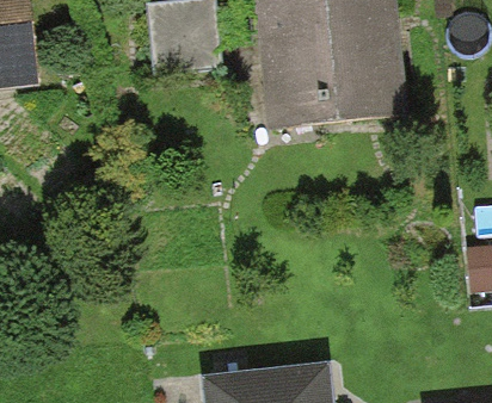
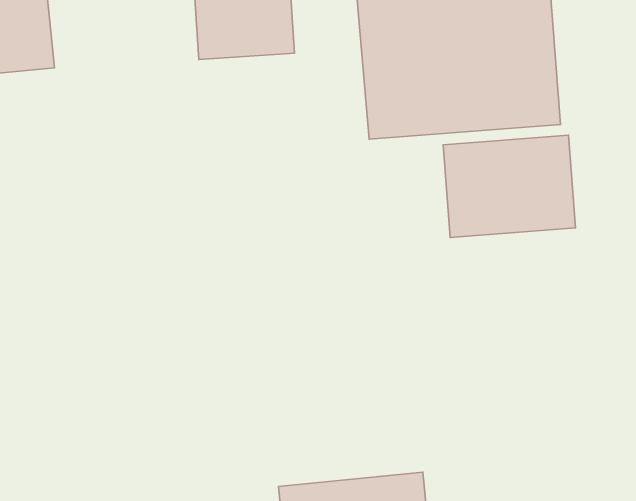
building: none -> [443,135,575,237]

